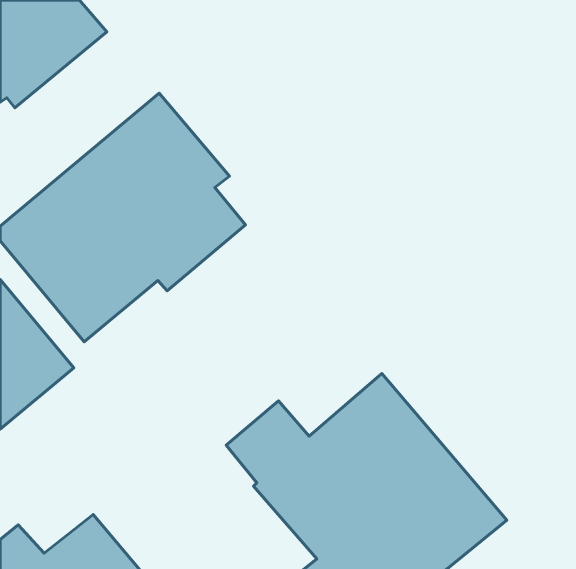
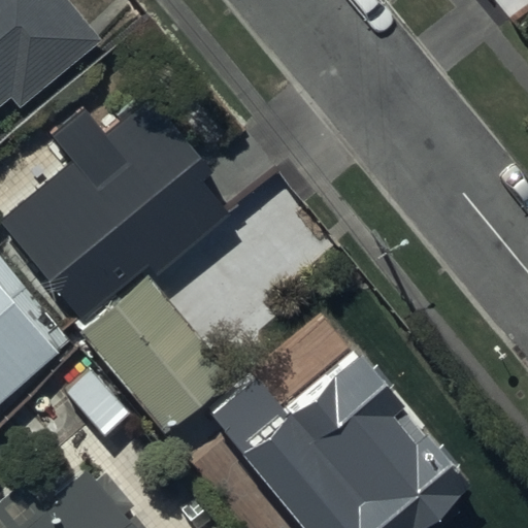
building: none -> [69,274,229,438]

